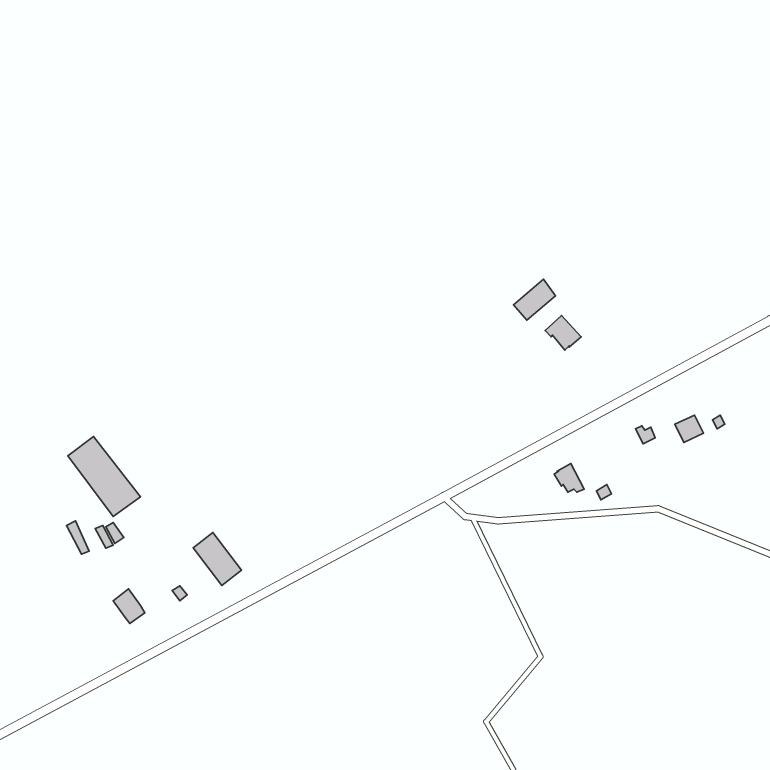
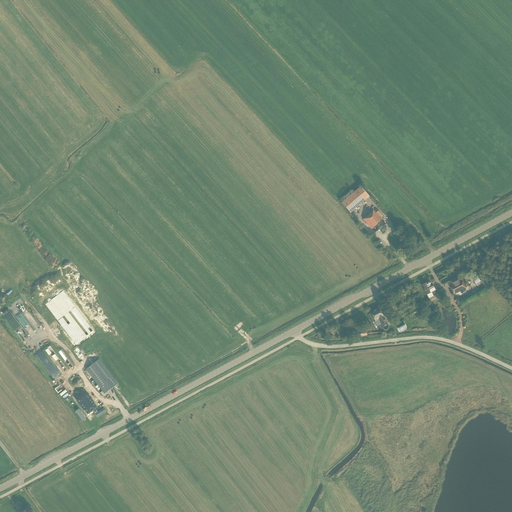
building: [193,533,241,585] -> [85,358,117,393]

